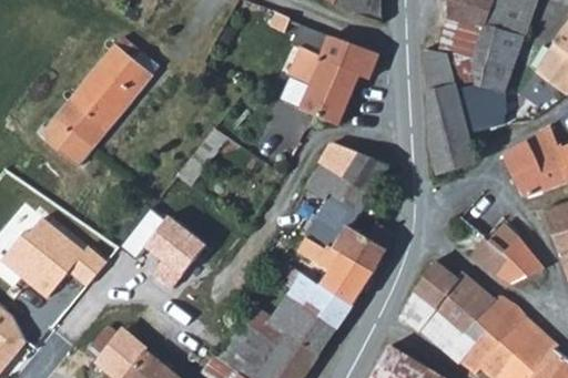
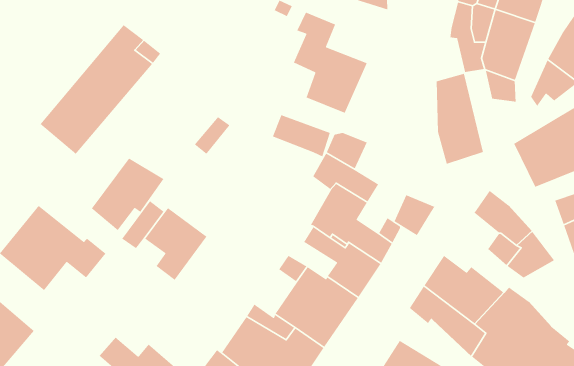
building: [321,38,378,80] -> [272,114,331,157]
building: [427,49,455,93] -> none
building: [348,153,389,194] -> [393,194,435,236]
building: none -> [91,158,165,231]
building: [85,325,146,361] -> none

